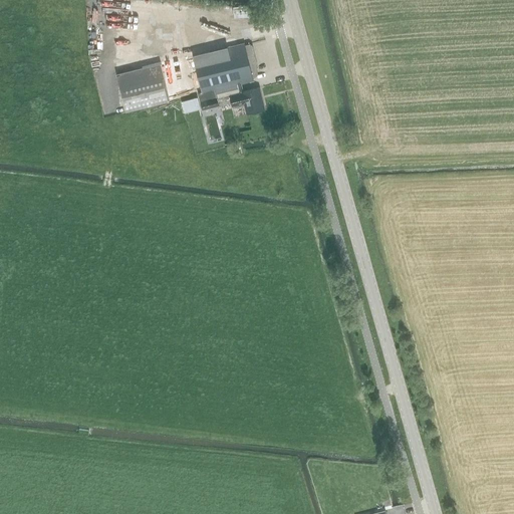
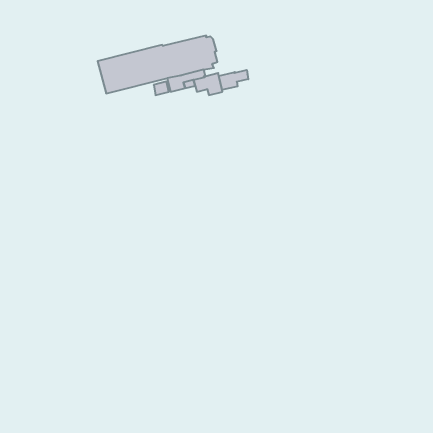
building: none -> [219,70,248,90]

